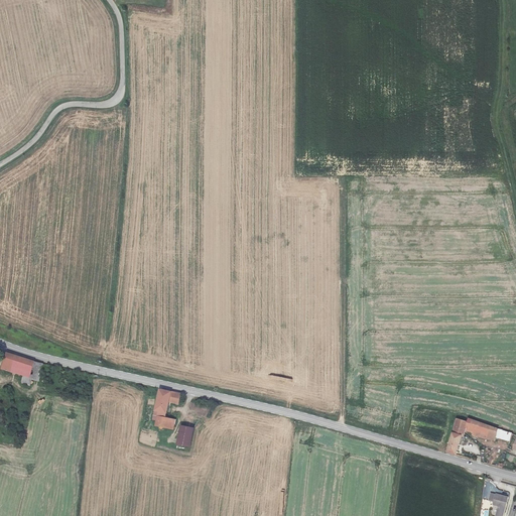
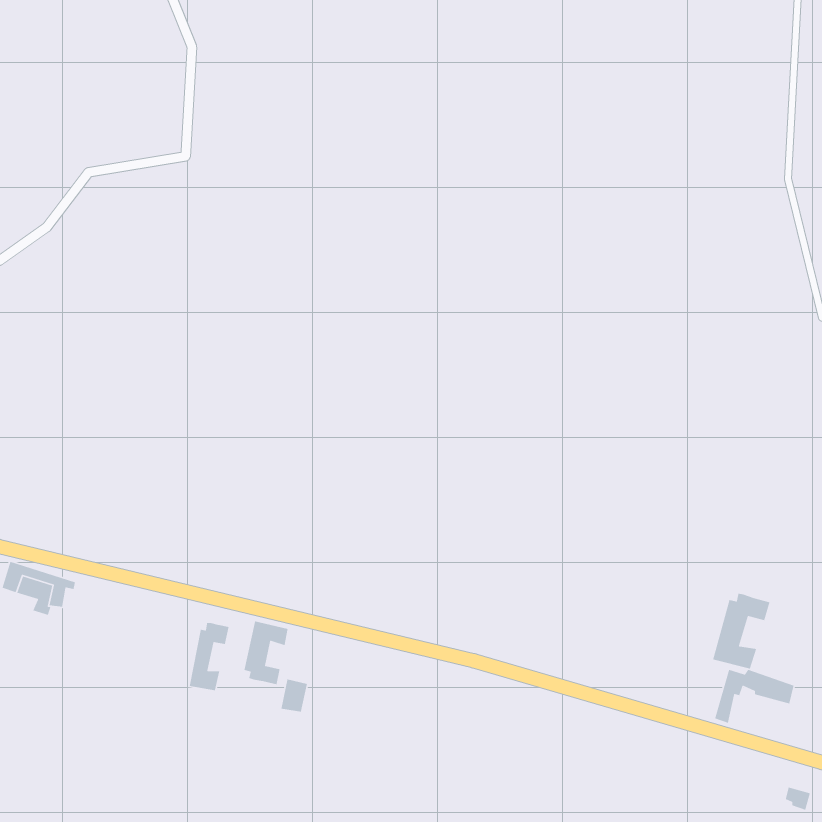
building: none -> [712,593,771,670]
building: none -> [189,622,229,691]

